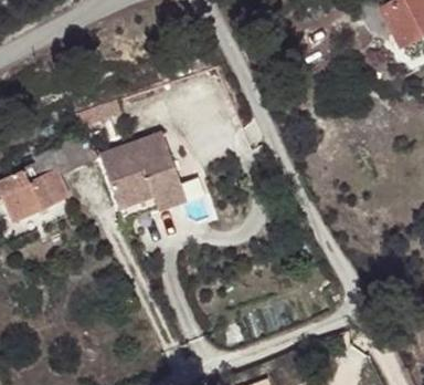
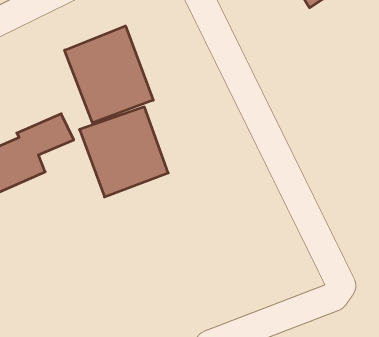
building: none -> [65,26,153,123]

